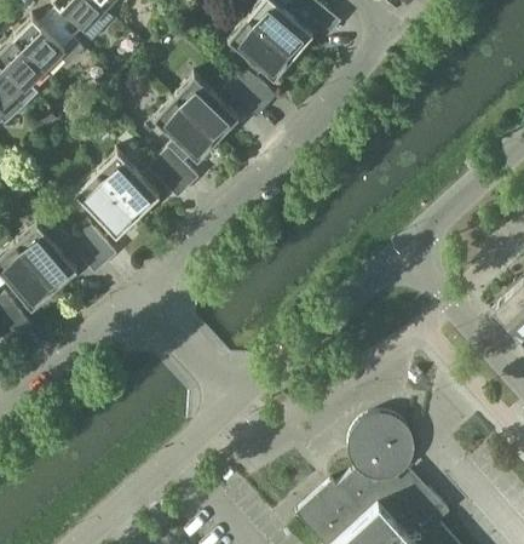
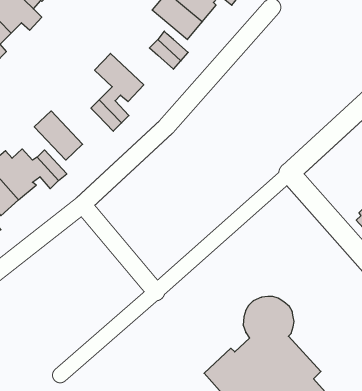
building: [175,76,240,139] -> none
building: [98,153,160,217] -> none

